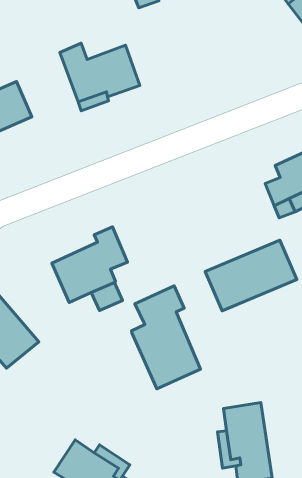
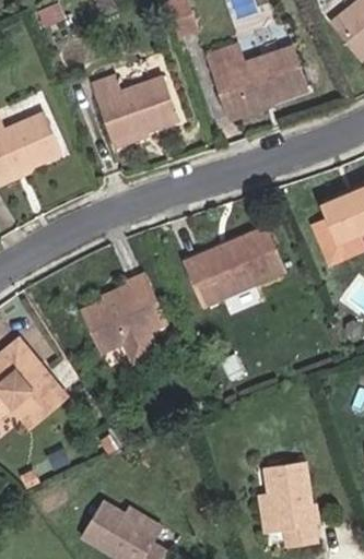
building: none -> [208,45,305,115]
building: [205,240,297,311] -> [186,227,285,304]
building: [132,286,201,389] -> none

